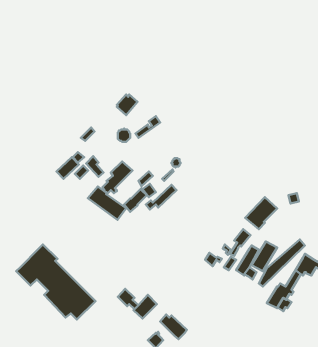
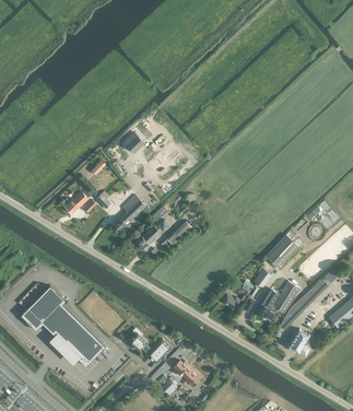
building: [88,187,126,220] -> none

